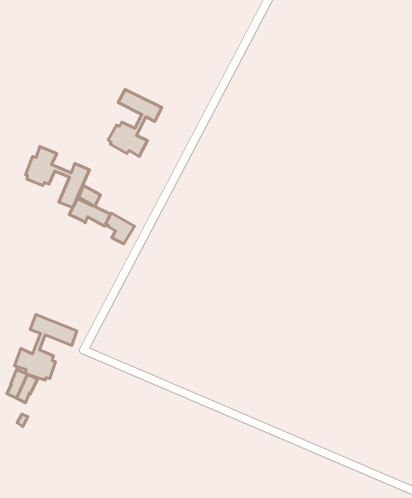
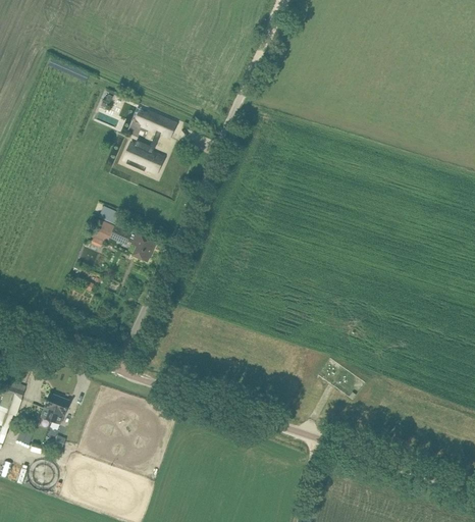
building: [25,146,90,207] -> none
building: [14,315,77,380] -> none

